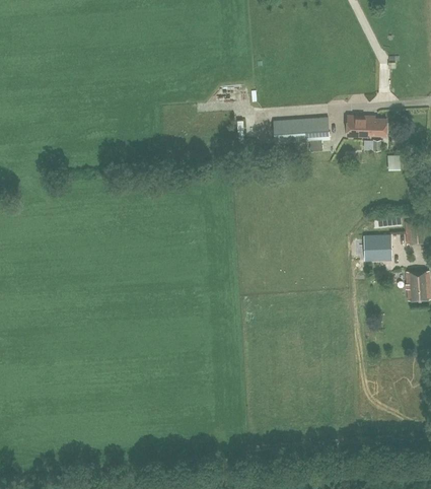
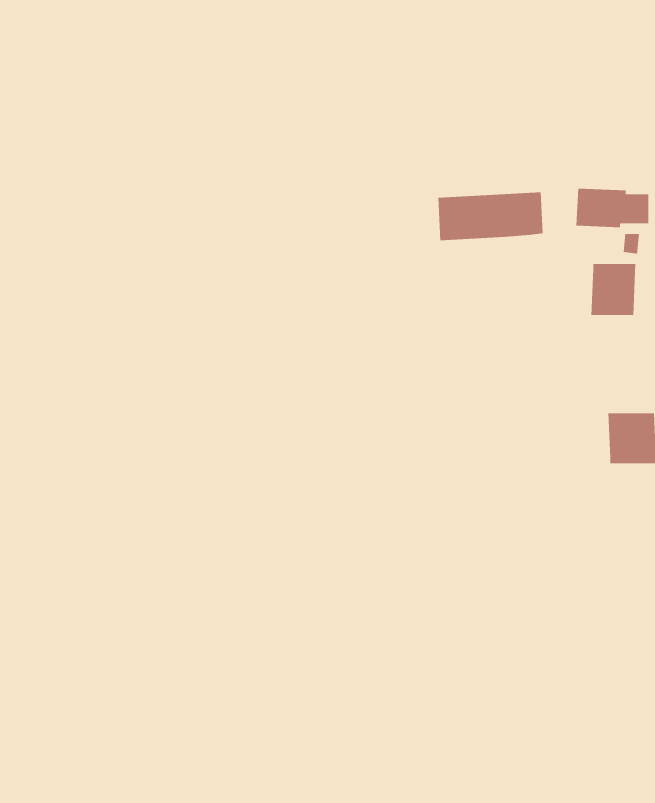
building: none -> [591,263,636,316]

